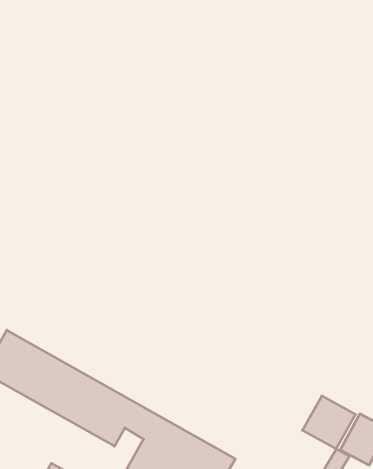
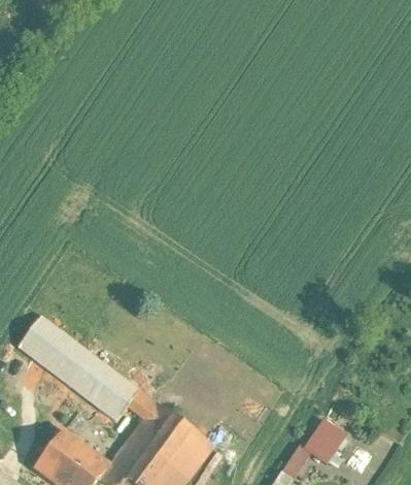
building: [302,396,356,449] -> none

